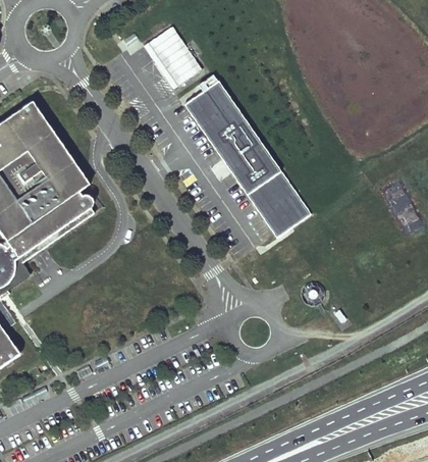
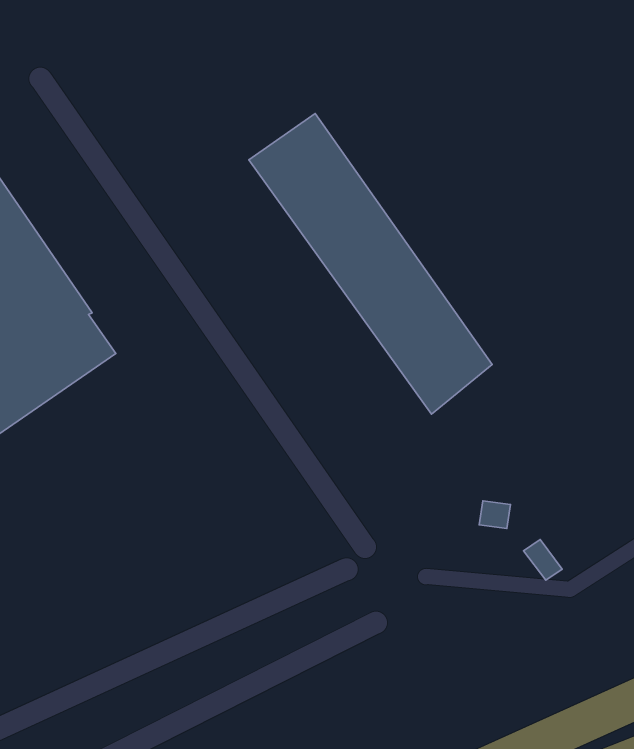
building: [142,27,202,91] -> none

